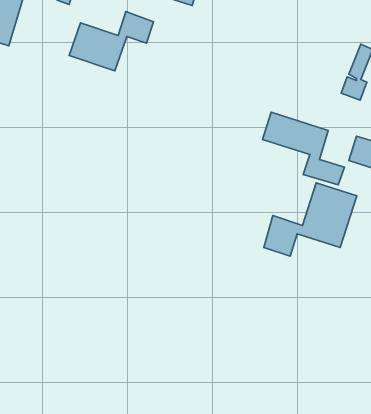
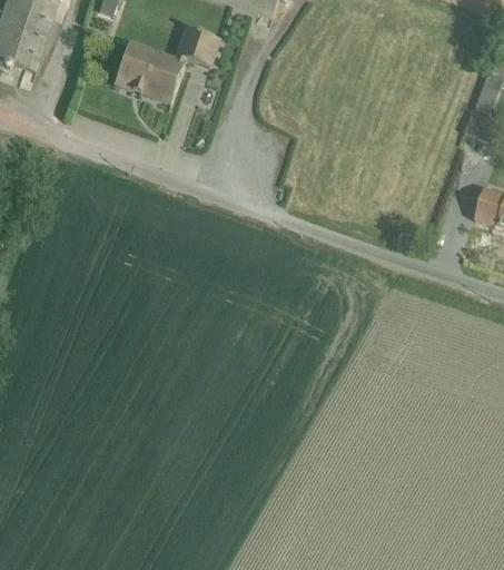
building: [262,112,344,185] -> none
building: [264,183,357,256] -> none

